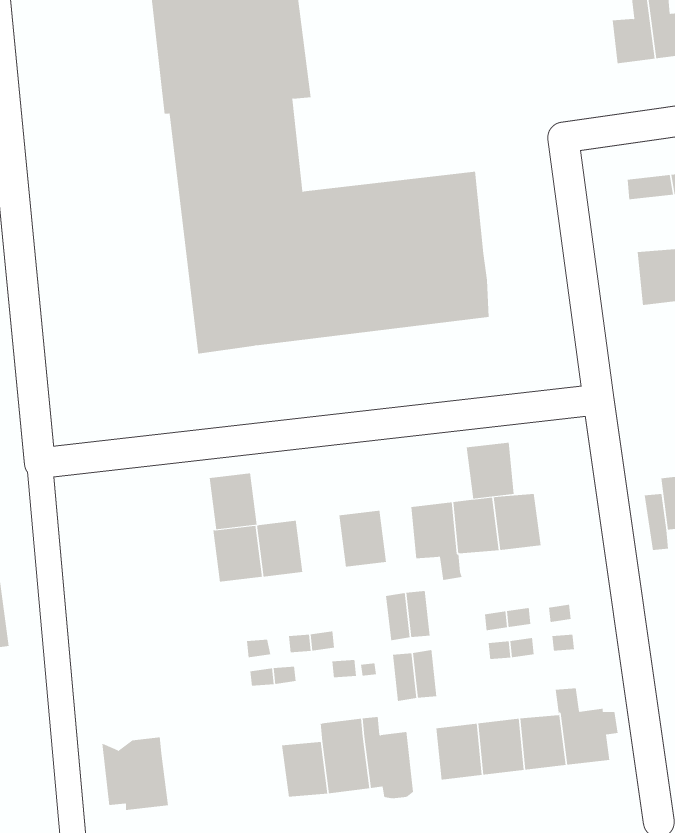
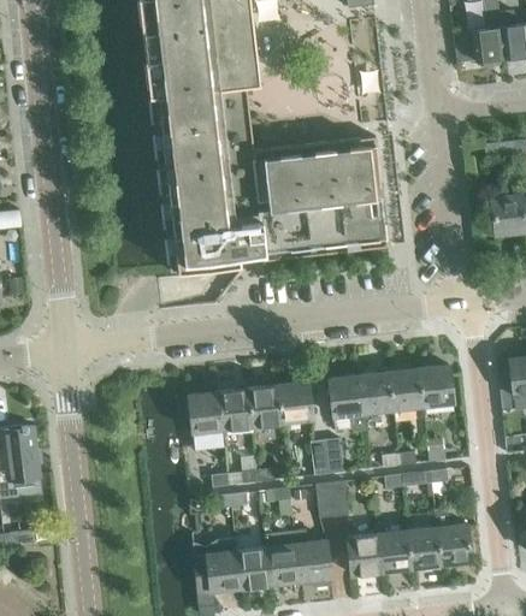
building: [466,442,515,499] -> [418,366,453,407]
building: [209,473,258,530] -> [247,385,282,426]
building: [102,737,169,811] -> [193,538,241,591]

